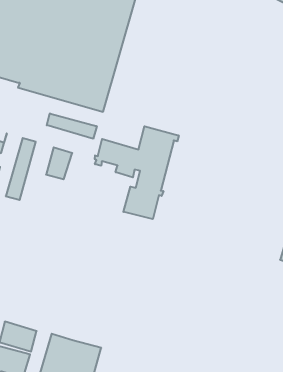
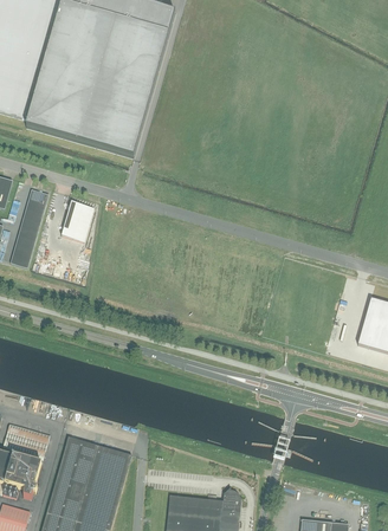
building: [47,113,97,139] -> none
building: [95,126,179,219] -> none

